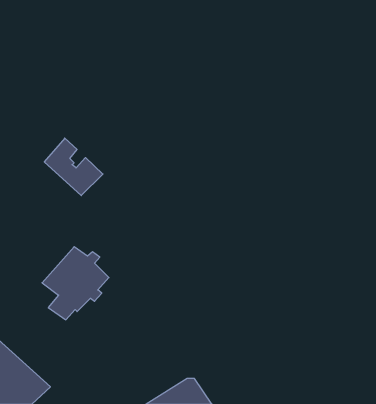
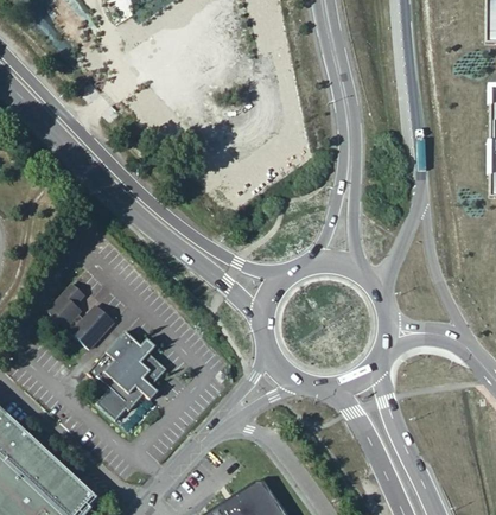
building: [44,138,103,196] -> [49,282,116,349]

